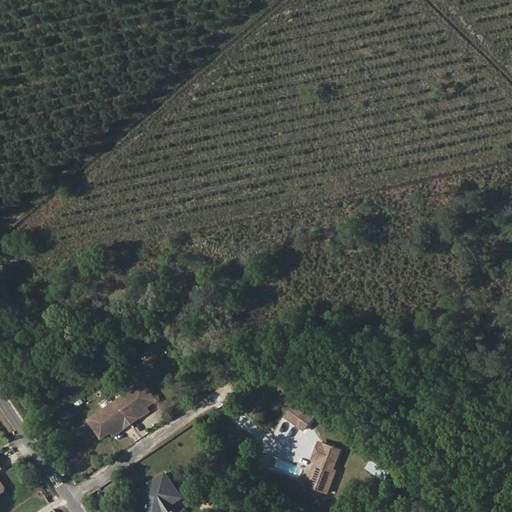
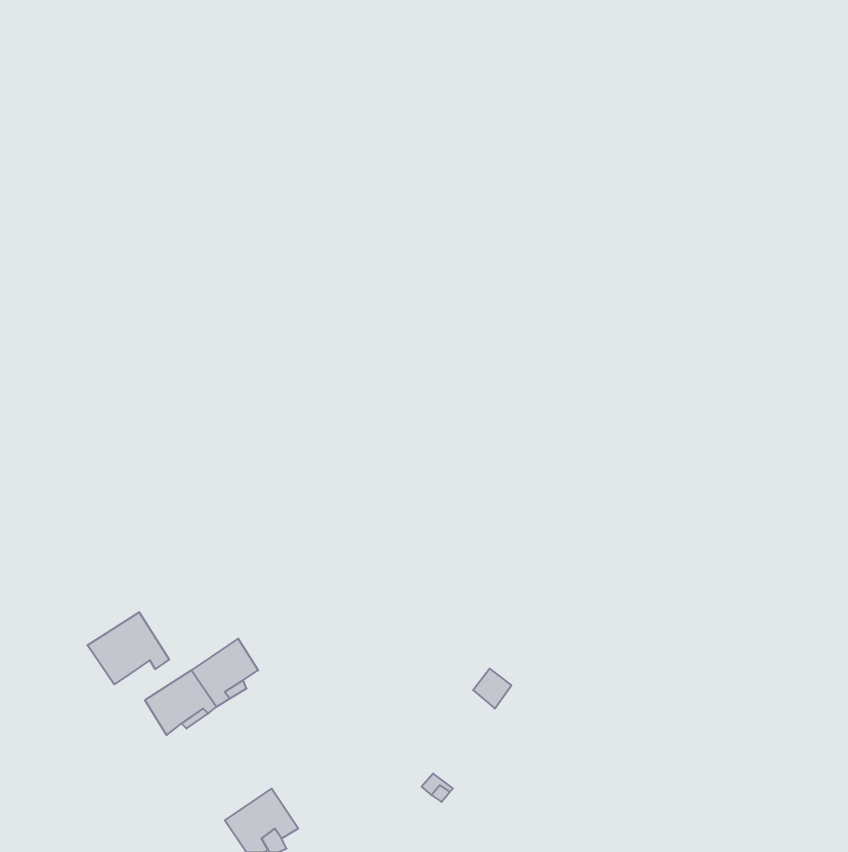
building: none -> [87,612,169,684]
building: [306,442,340,494] -> none

